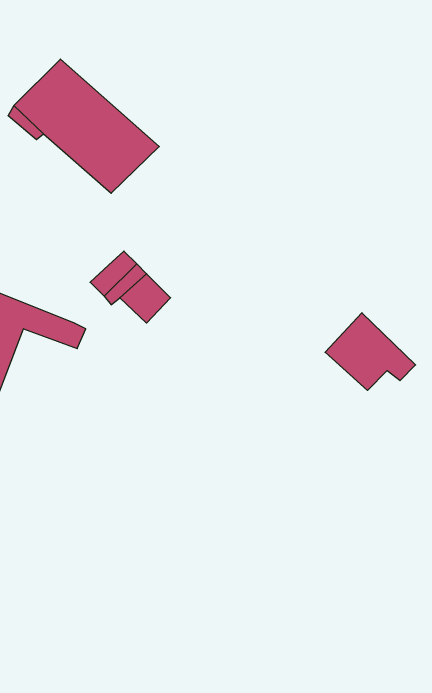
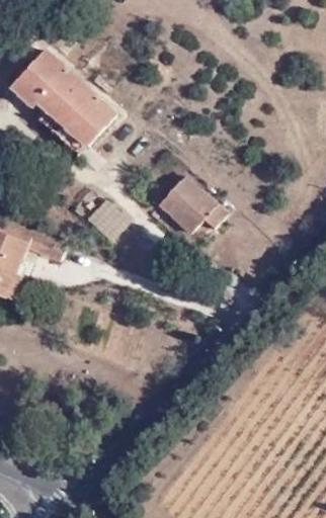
building: [325,313,416,390] -> [160,178,225,234]

